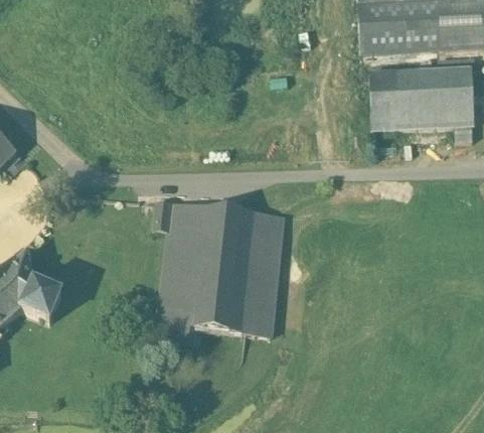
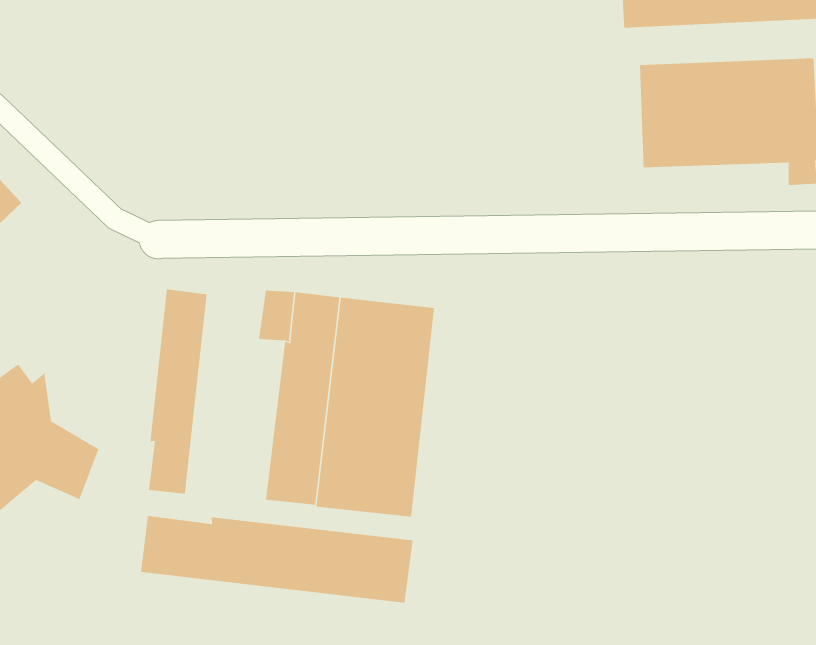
building: none -> [149,289,207,495]
building: [241,210,283,334] -> none
building: none -> [141,515,413,604]

